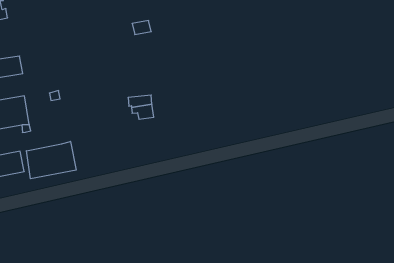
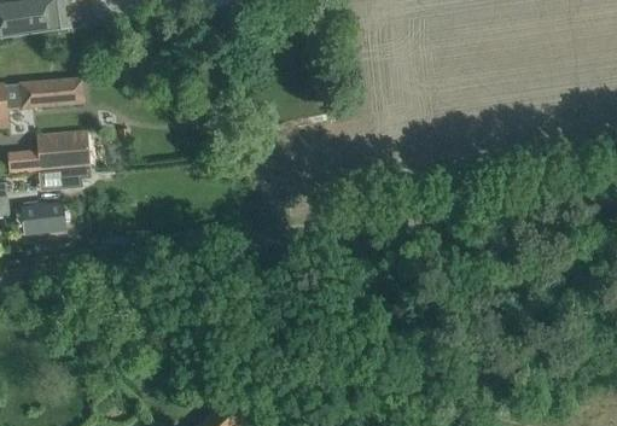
building: [26,141,76,179] -> none

